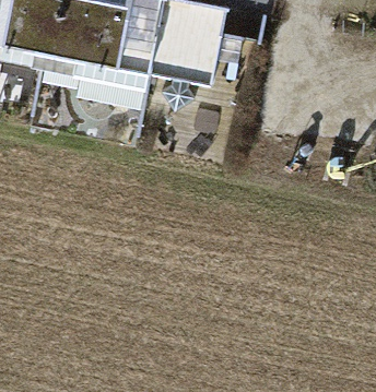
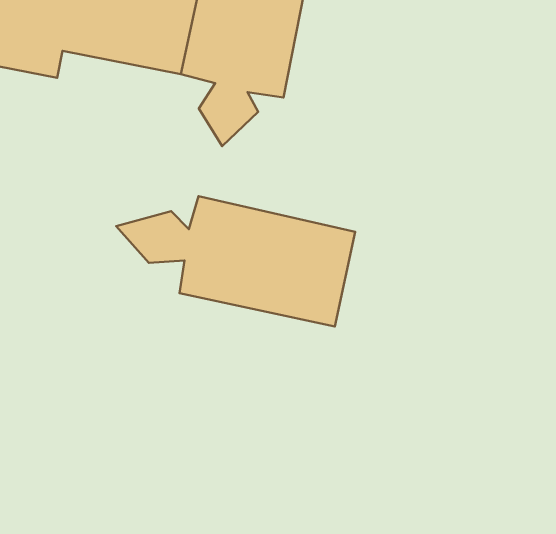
building: none -> [116,196,355,326]

